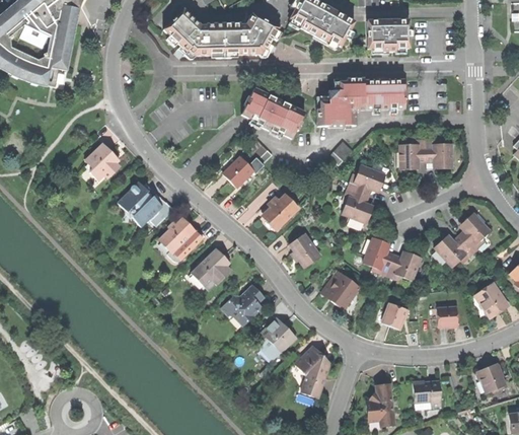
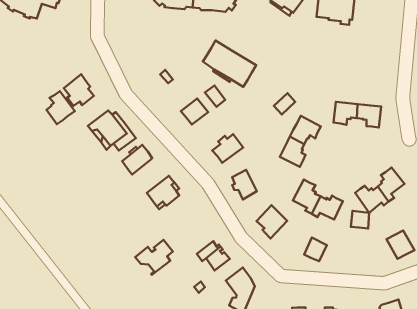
building: [315,80,403,126] -> none
building: none -> [46,91,75,124]
building: [166,233,201,262] -> none
building: [221,285,264,327] -> [135,240,173,275]
building: [437,308,457,327] -> [351,211,369,229]

